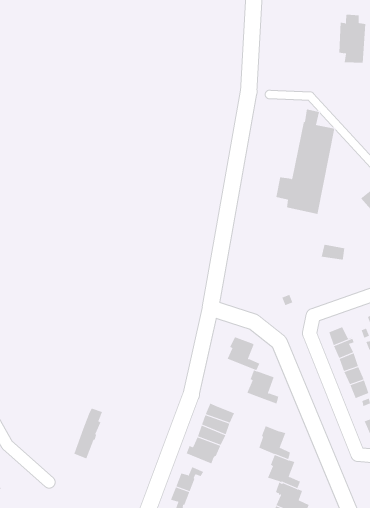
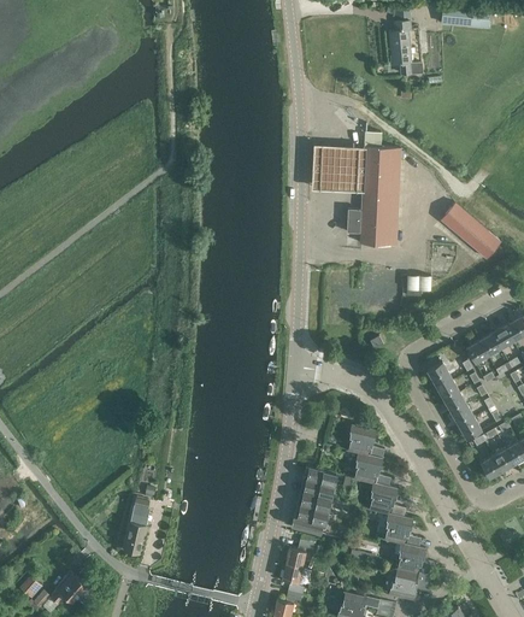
building: none -> [310,146,363,193]
building: [227,337,260,371] -> [353,453,390,487]
building: [73,408,103,459] -> [124,499,149,556]

